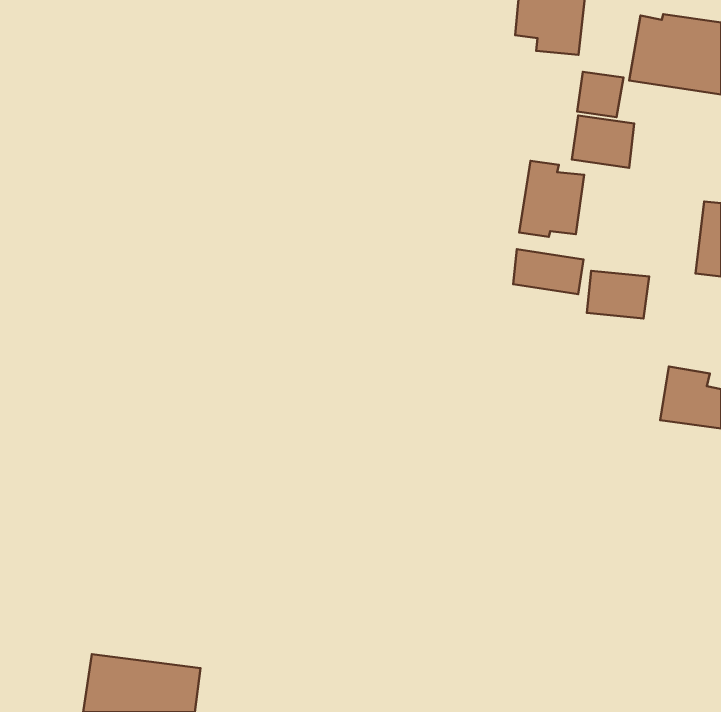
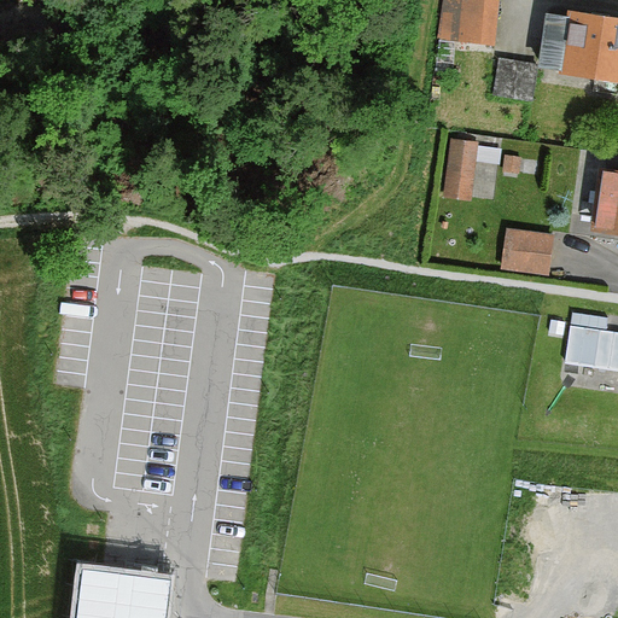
building: [572,115,634,168] -> none
building: [513,249,583,294] -> none

